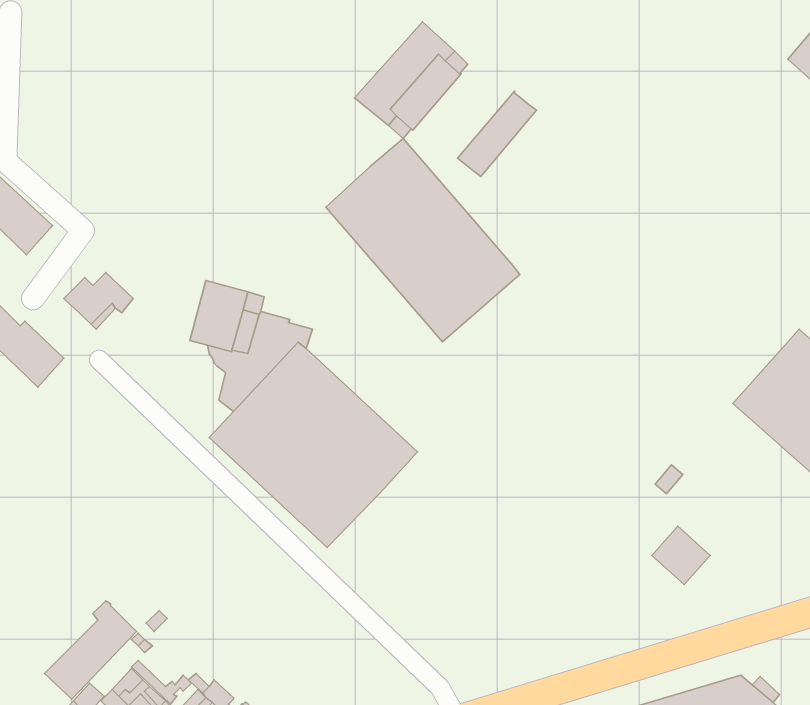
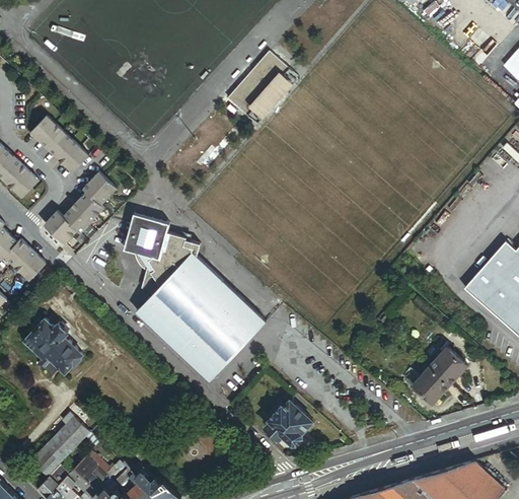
building: [457,91,536,176] -> none
building: none -> [29,116,88,172]
building: [326,138,520,342] -> none
building: none -> [70,171,116,224]
building: none -> [23,319,84,376]
building: none -> [429,348,467,385]
building: none -> [266,402,313,445]

